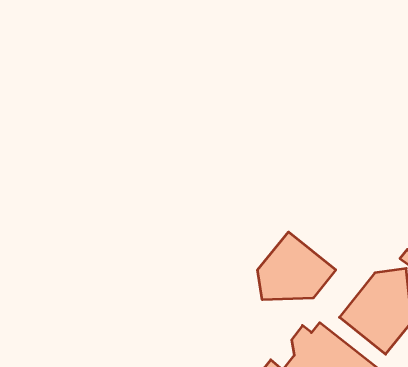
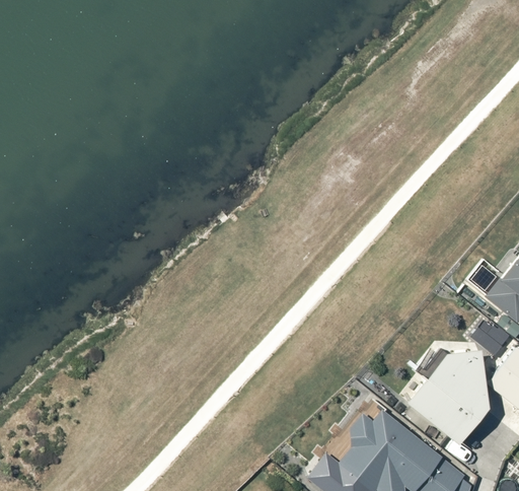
building: [258,232,336,300] -> none

